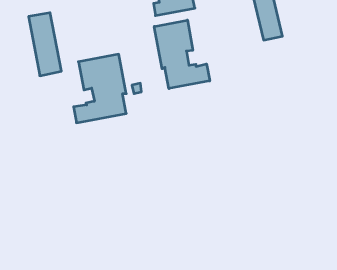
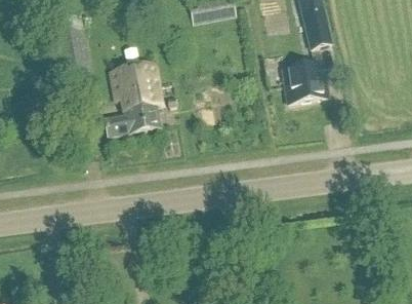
building: [154,20,210,89] -> none
building: none -> [281,64,327,104]

